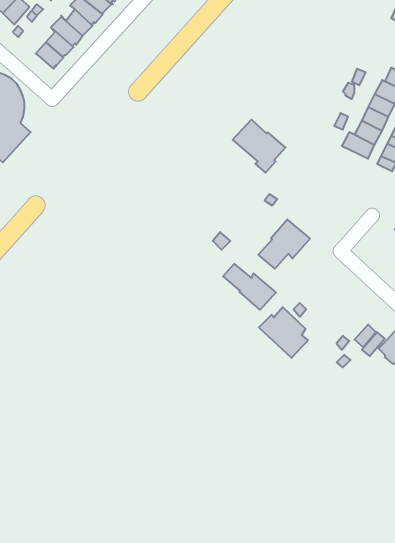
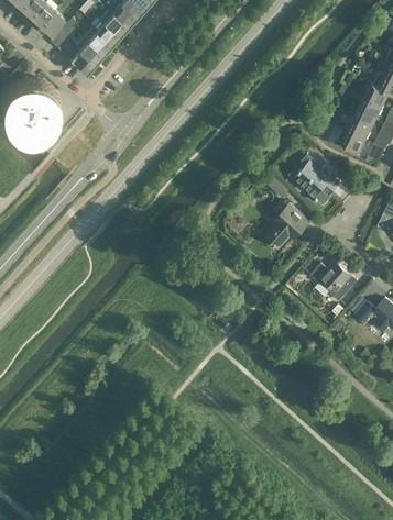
building: [233,120,286,173] -> [294,159,340,206]
building: [223,264,276,310] -> none
building: [259,307,308,358] -> [310,257,353,301]

